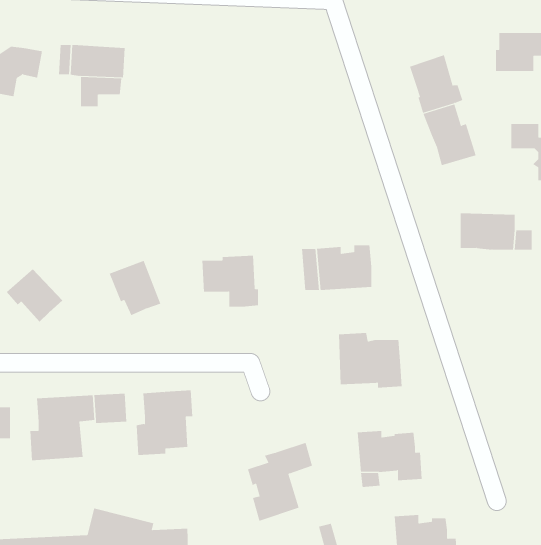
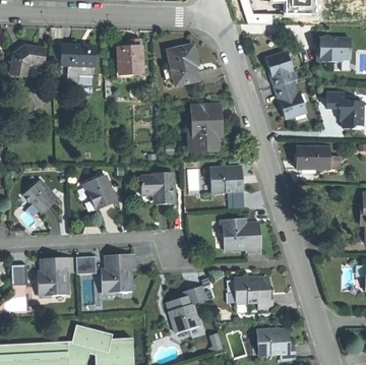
building: none -> [164,45,198,84]
building: none -> [117,46,142,74]
building: none -> [192,105,220,150]

